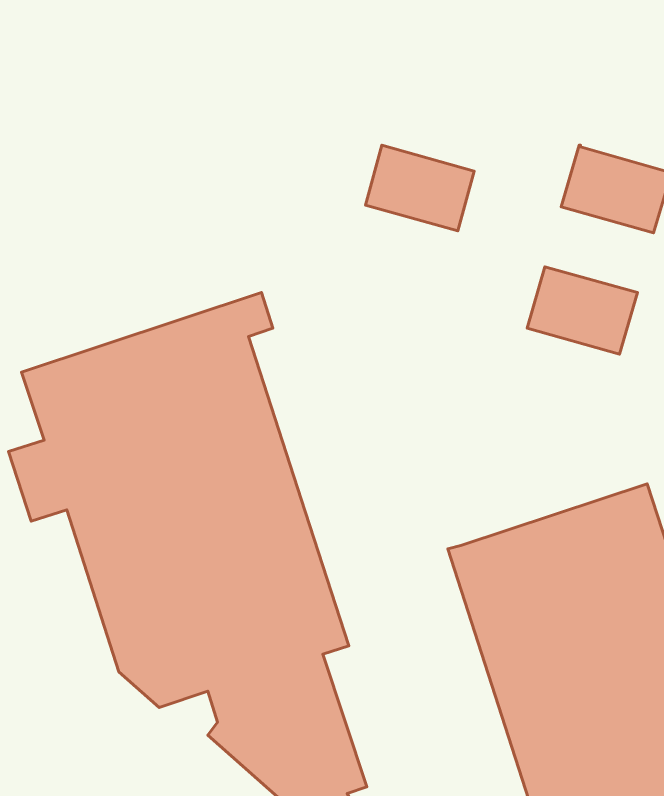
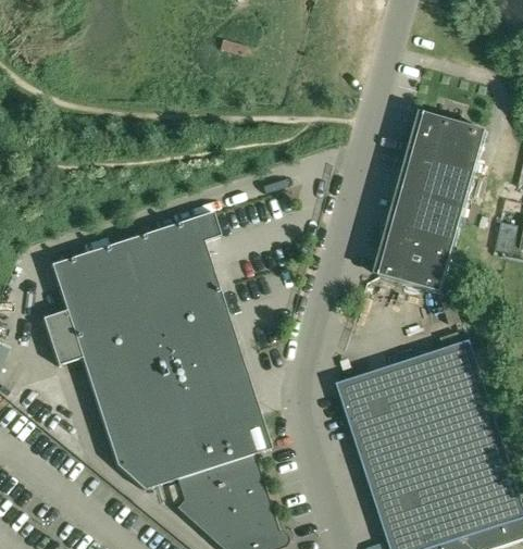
building: [366,145,474,231] -> [401,153,474,211]
building: none -> [378,235,451,292]

